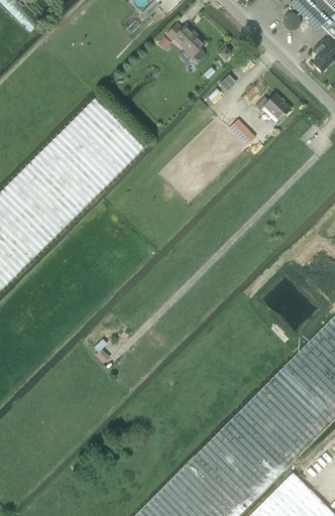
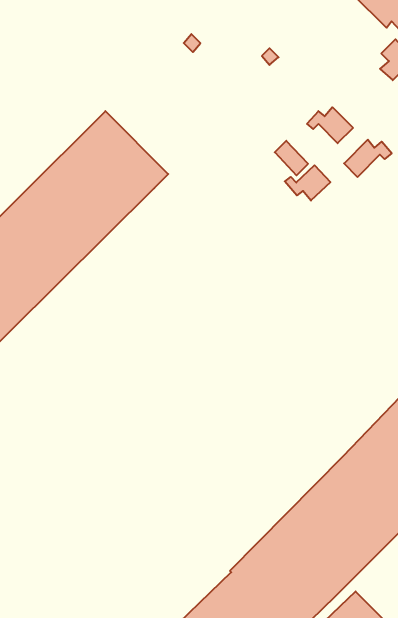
building: [165,25,203,57] -> none
building: none -> [344,140,392,177]
building: none -> [285,165,330,201]

